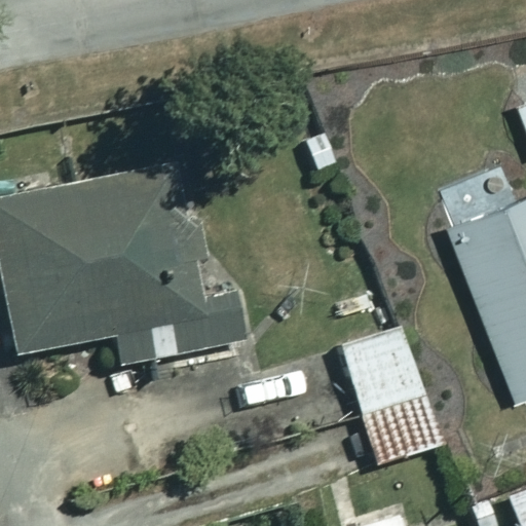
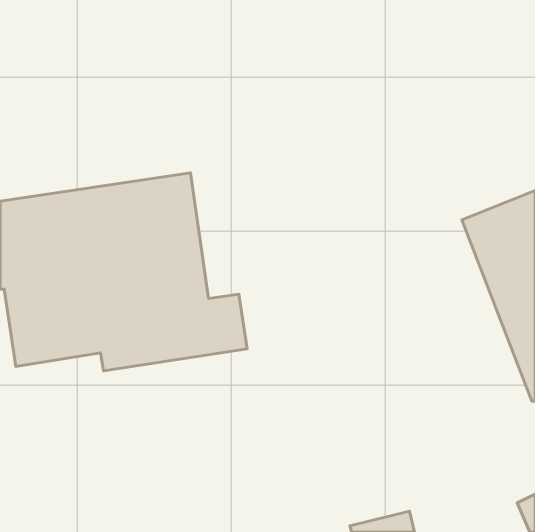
building: [283,325,439,482] -> none

